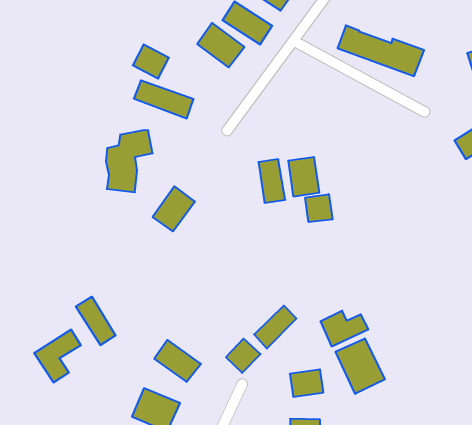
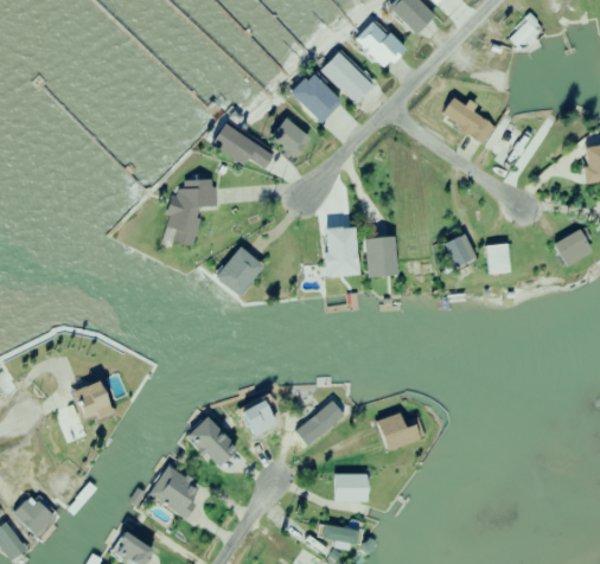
building: [133,44,169,79] -> [269,117,311,158]
building: none -> [447,232,478,268]
building: none -> [491,244,517,273]
building: [305,194,333,222] -> none
building: [76,297,116,345] -> none
building: [336,338,385,394] -> none
building: [226,339,261,373] -> [237,402,276,440]

